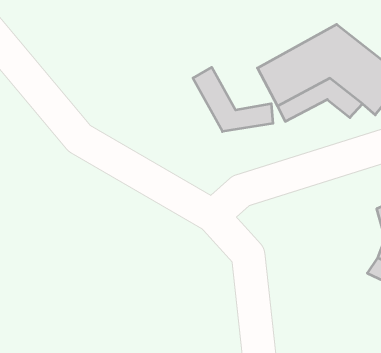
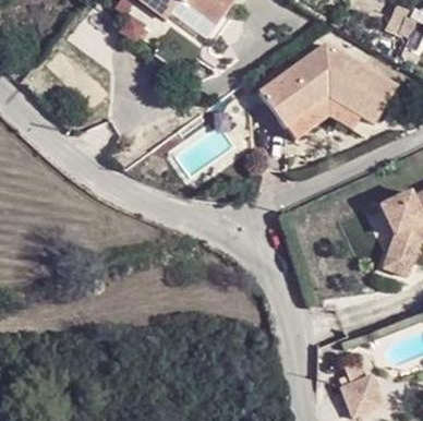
building: [193,67,273,132] -> none

